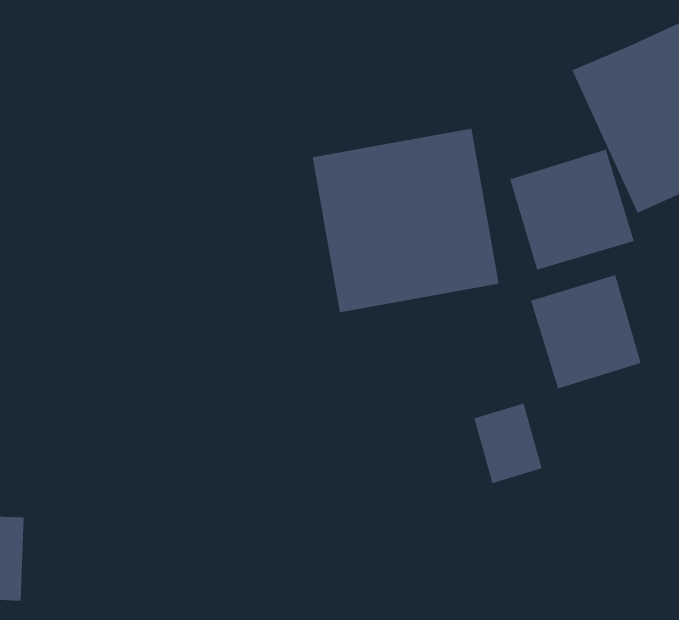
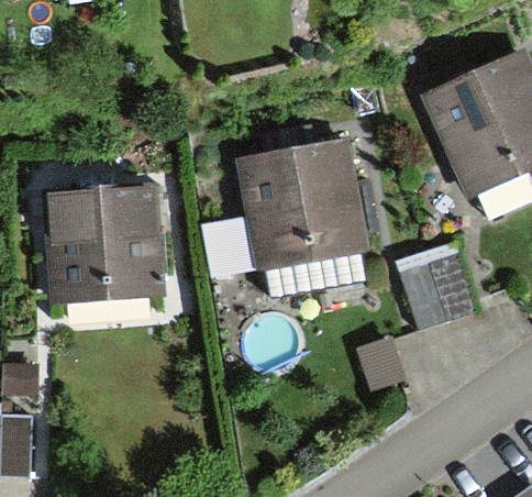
building: [510,149,634,271] -> none
building: none -> [44,190,164,307]

